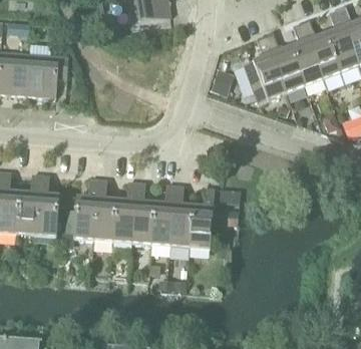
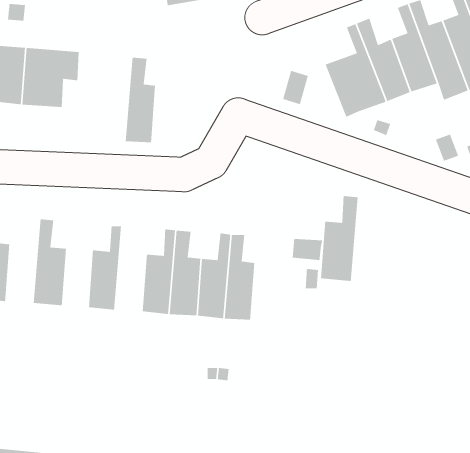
building: [15,173,39,235] -> none
building: [92,180,114,241] -> [125,57,156,143]
building: [189,188,216,249] -> [320,195,358,282]

